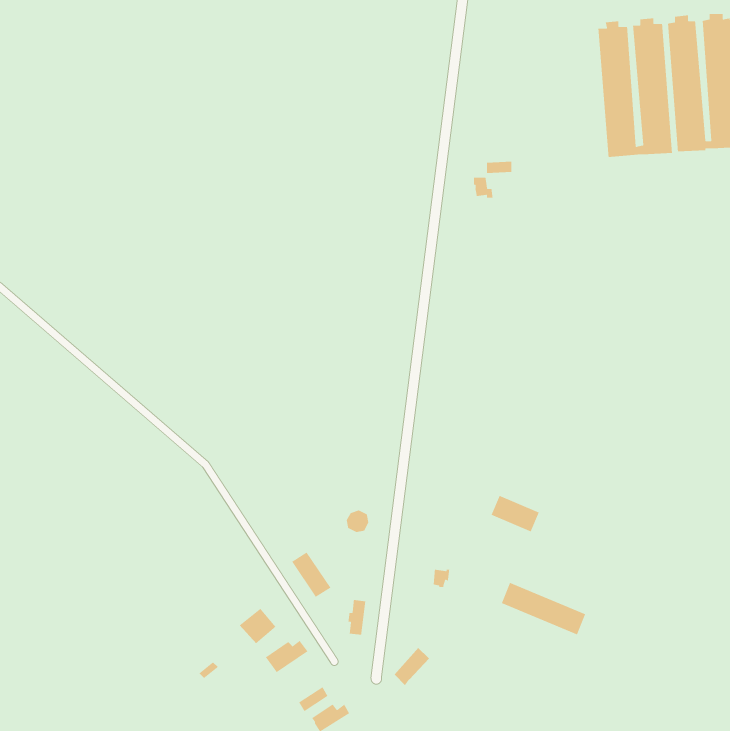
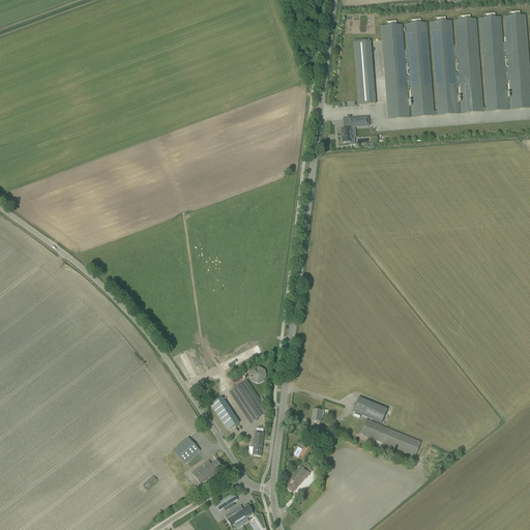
building: none -> [381,18,434,118]
building: none -> [354,39,375,104]
building: [491,495,540,533] -> [352,395,387,422]
building: none -> [229,379,267,421]

